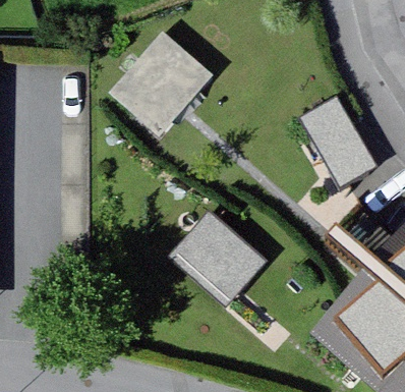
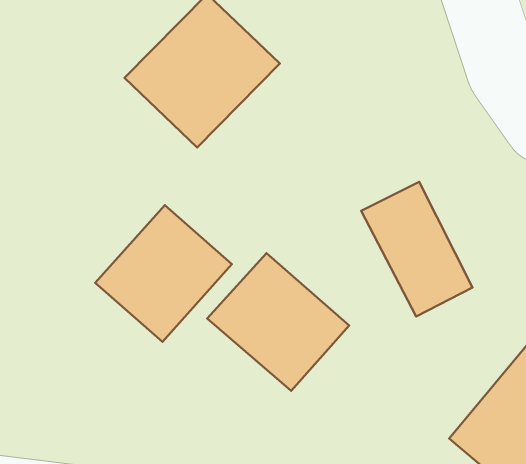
building: [297,93,375,187] -> [361,182,473,317]
building: none -> [95,205,232,342]

